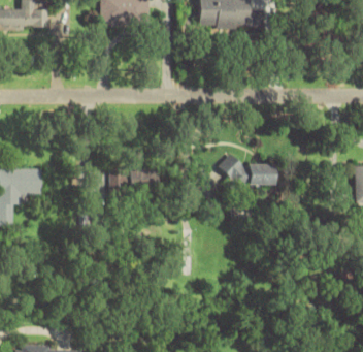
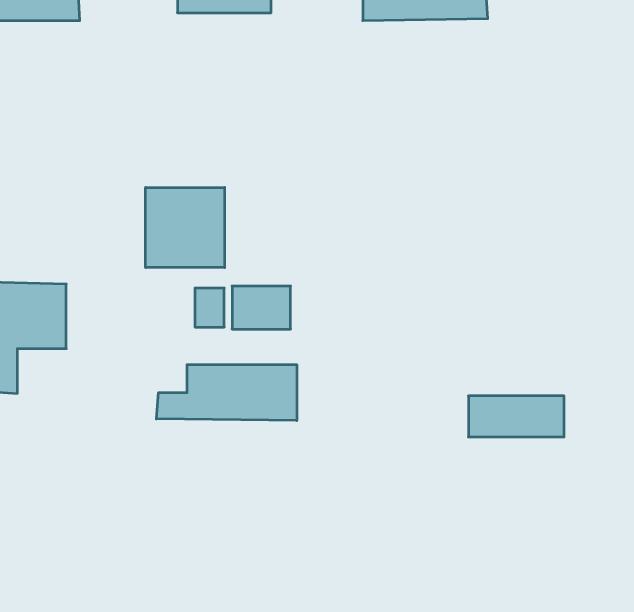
building: none -> [146,187,225,268]
building: [224,162,274,184] -> [468,396,564,437]
building: none -> [156,365,297,421]

